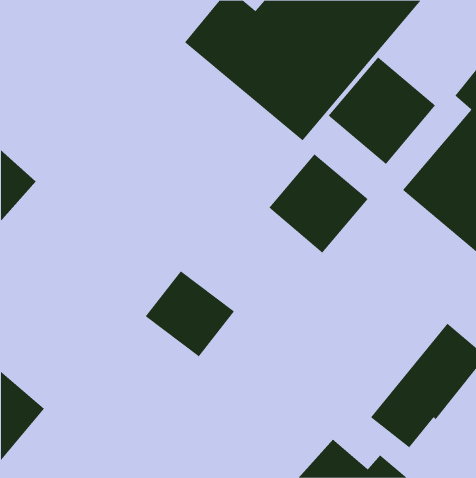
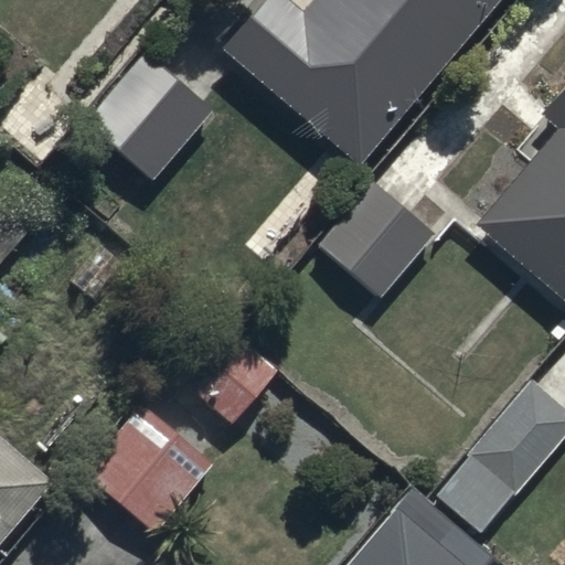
building: none -> [84,51,213,180]
building: [328,56,436,165] -> none
building: none -> [83,406,210,532]

